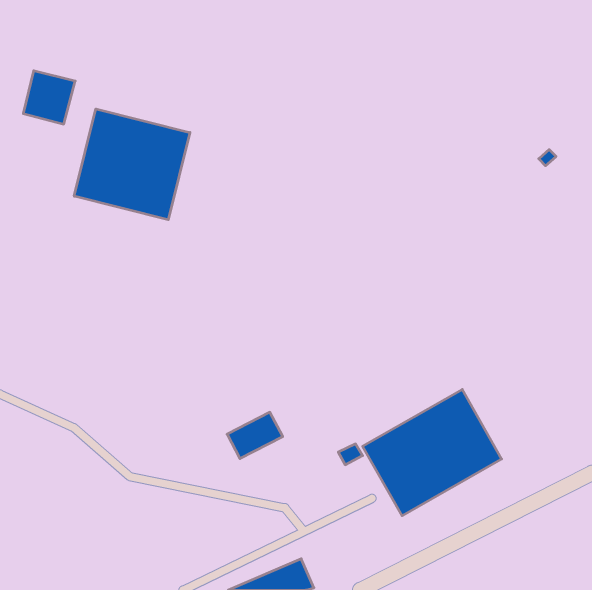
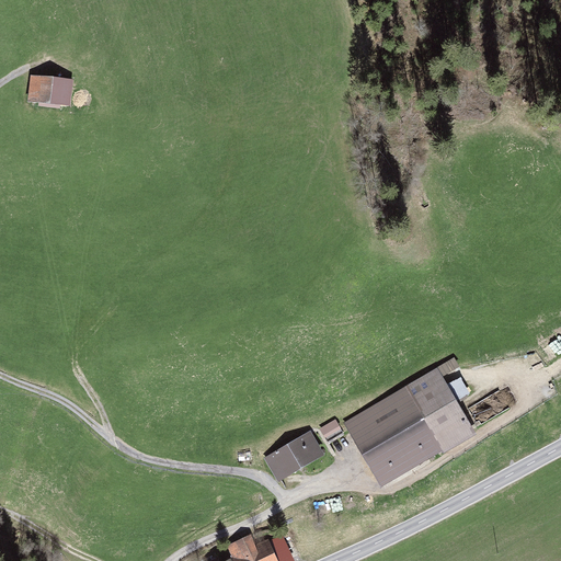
building: [74,109,190,220] -> none
building: [227,412,283,459] -> [270,433,322,477]

